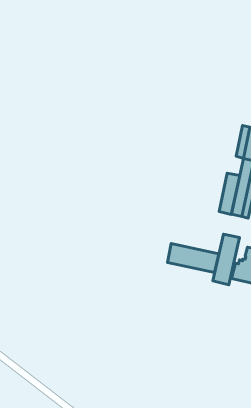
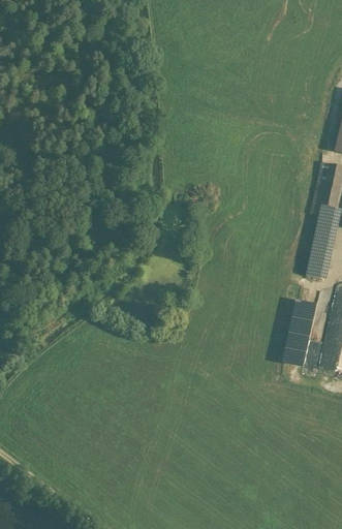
building: [219,173,240,215] -> none
building: [168,243,219,272] -> none

